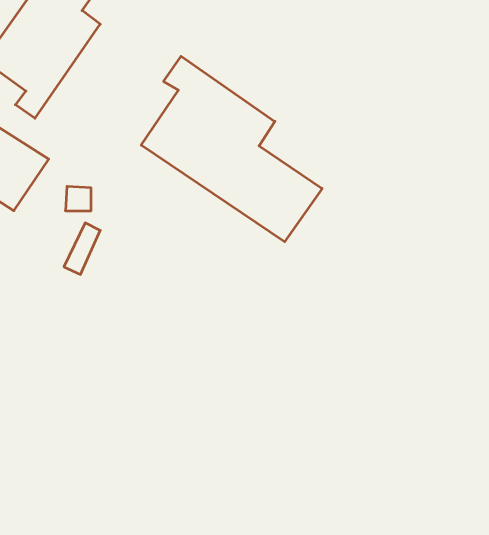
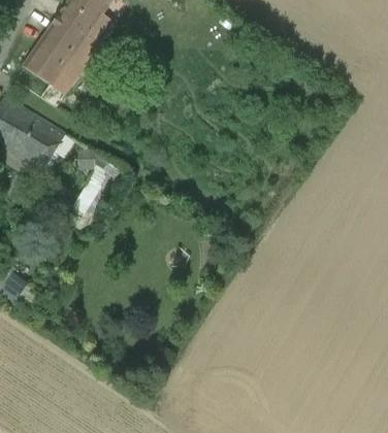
building: [141,56,322,242] -> none

